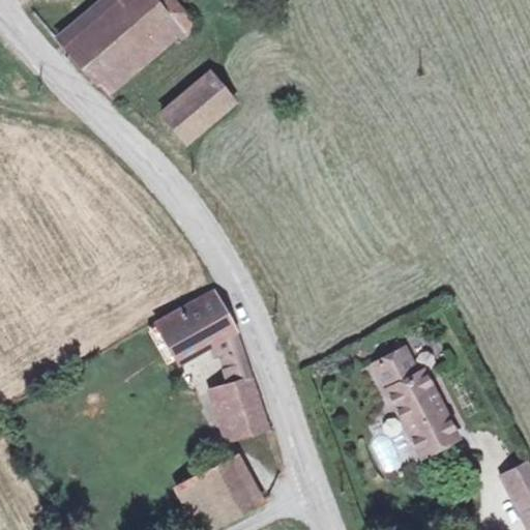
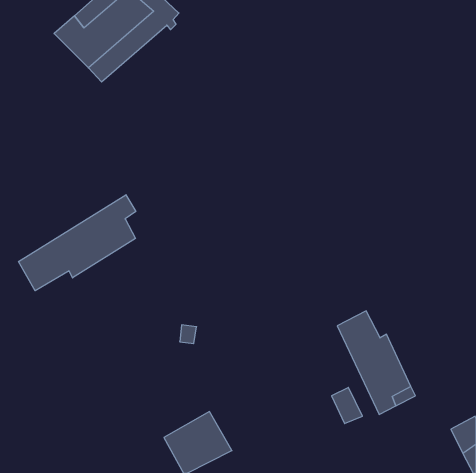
building: [166,75,236,141] -> none
building: none -> [19,195,136,291]
building: [148,287,269,435] -> none

